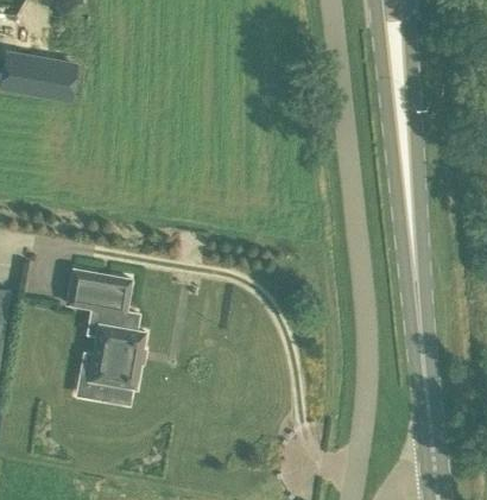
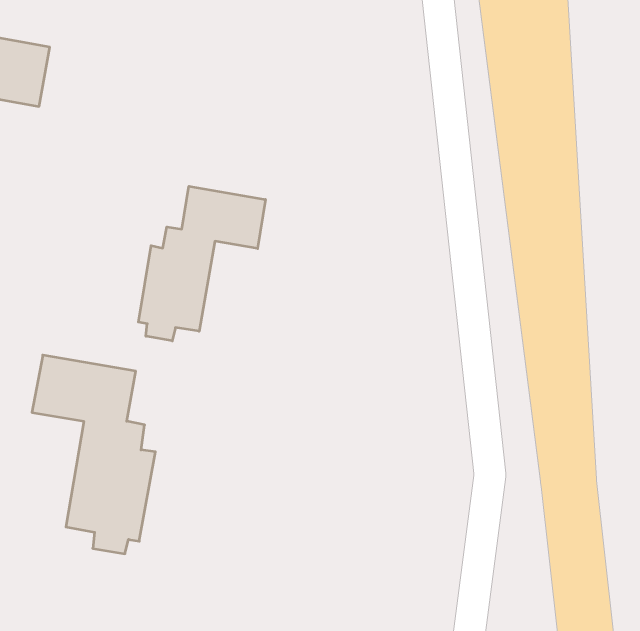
building: none -> [138,186,265,341]

